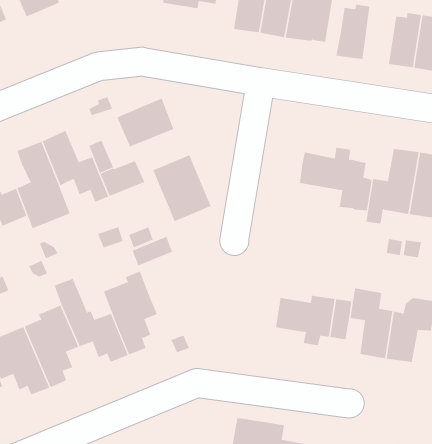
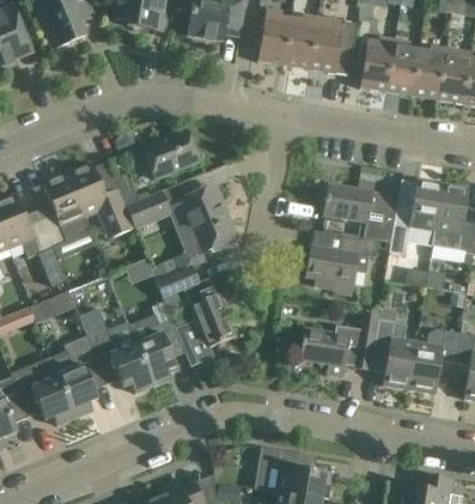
building: none -> [386,38,419,96]
building: none -> [305,235,378,293]
building: none -> [176,287,236,369]

